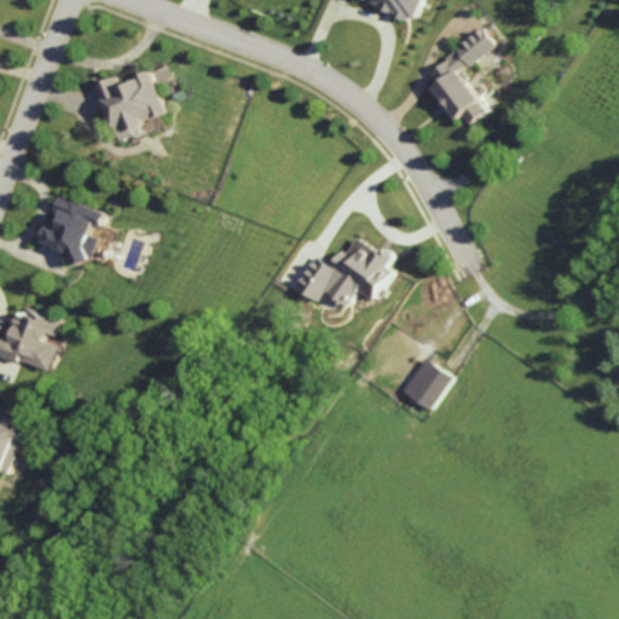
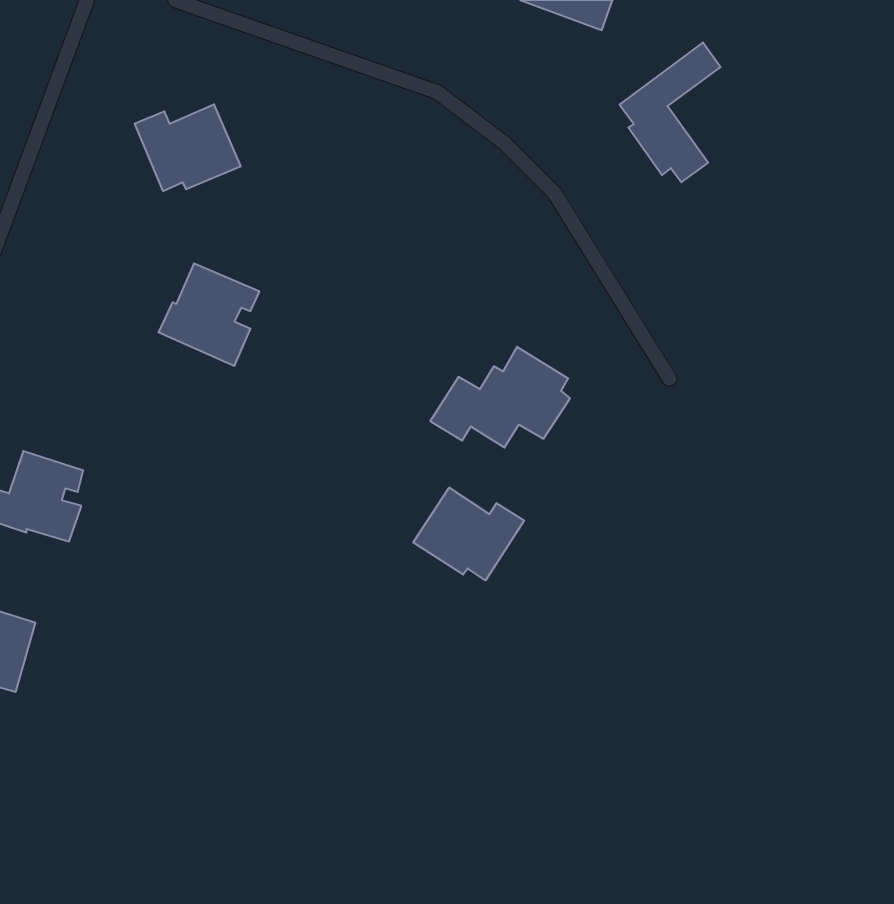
building: [34,195,103,265] -> [158,263,259,366]
building: none -> [413,488,524,580]
building: [397,358,447,410] -> none

